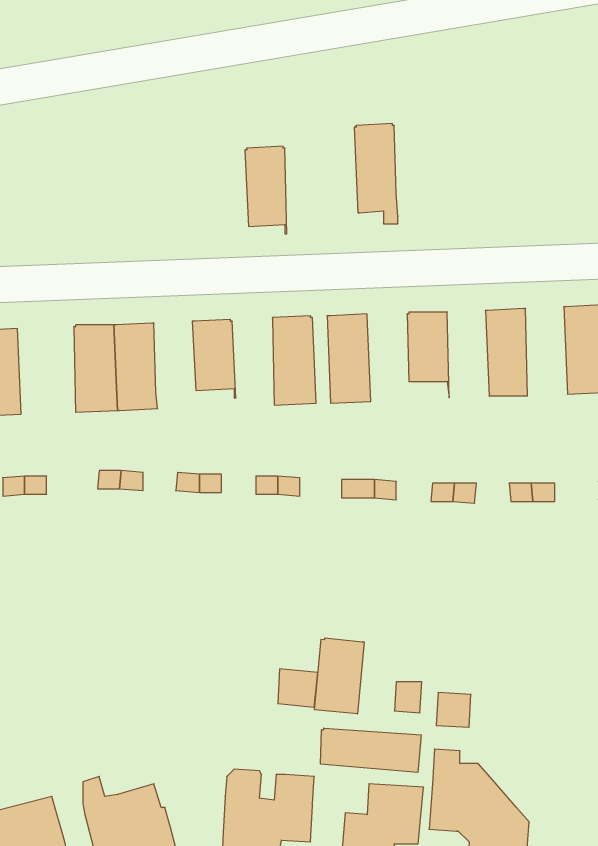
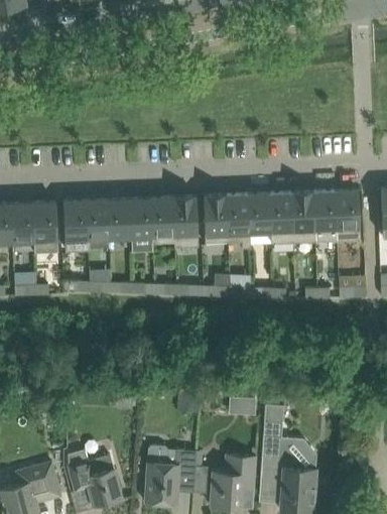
building: [354,124,398,224] -> [226,194,250,249]
building: [245,146,287,234] -> [151,197,174,245]
building: none -> [313,190,337,240]
building: none -> [270,192,293,241]
building: none -> [108,199,131,238]
building: none -> [32,202,57,250]
building: [314,638,364,714] -> none
building: [321,728,421,772] -> none

